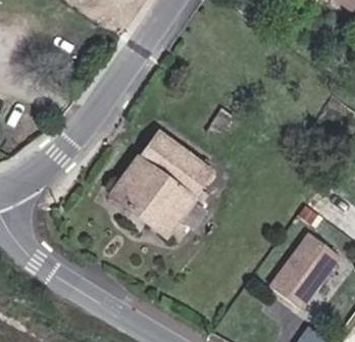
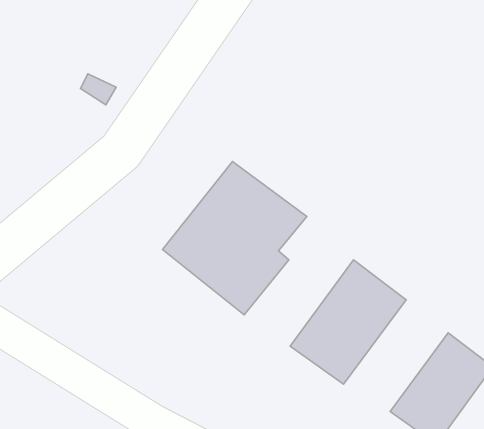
building: none -> [290,260,406,384]

